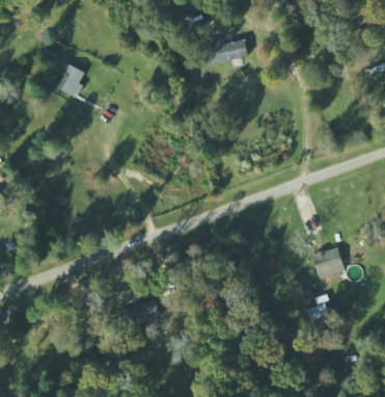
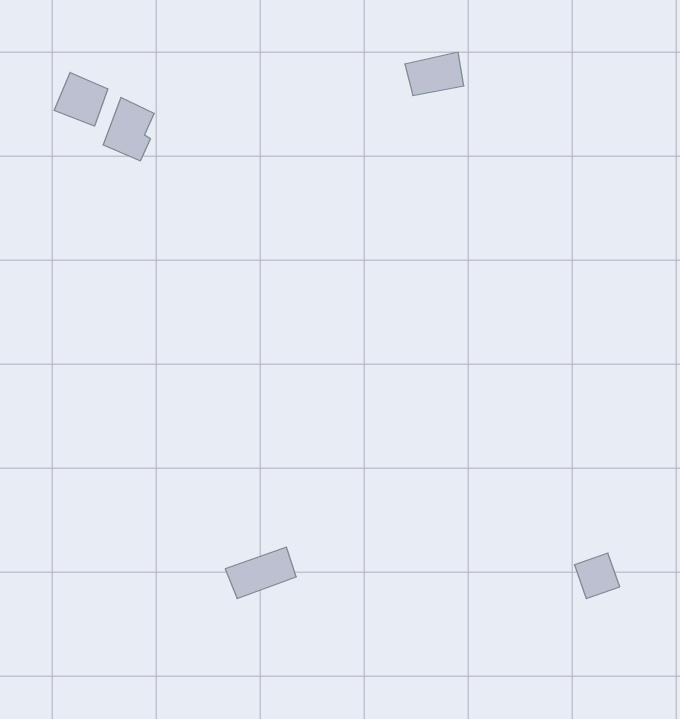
building: none -> [54,72,108,126]
building: [310,246,345,280] -> none

